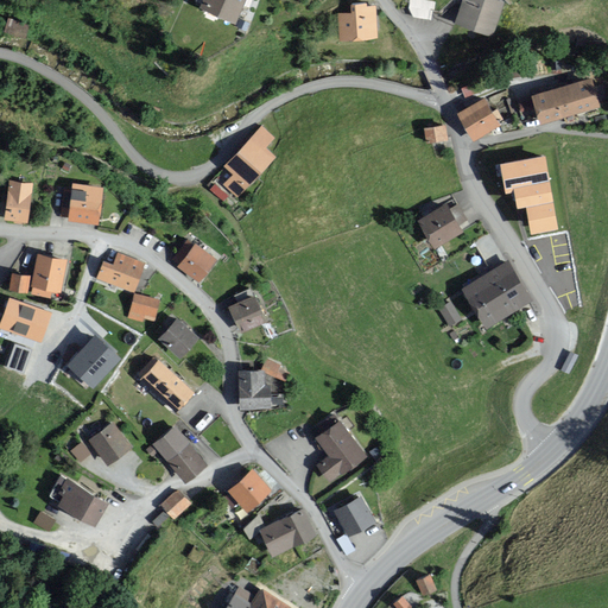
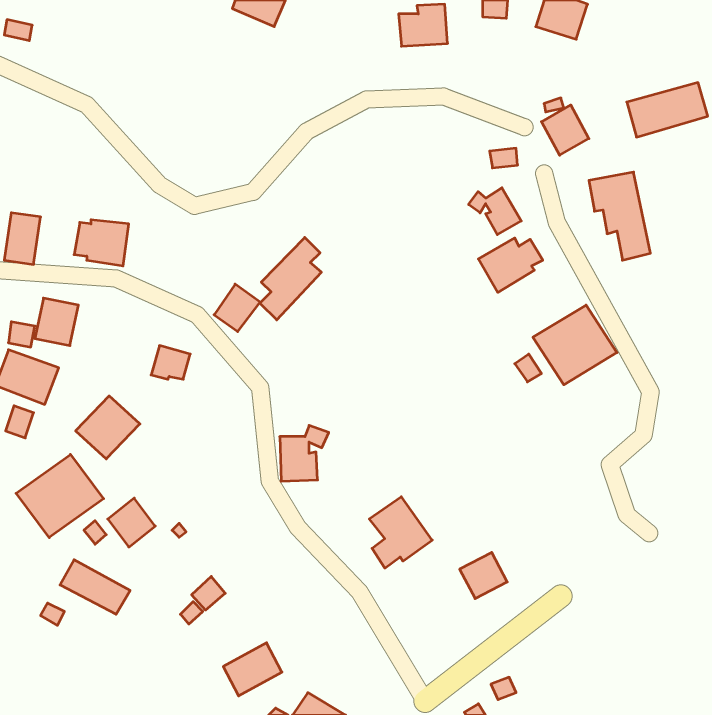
building: [222,127,274,197] -> [260,237,321,320]
building: none -> [469,188,521,235]
building: [97,254,146,292] -> none
building: [226,297,264,332] -> none
building: [160,318,200,357] -> none
building: [142,360,195,412] -> none
building: none -> [16,454,104,538]
building: [156,426,208,481] -> none
building: [229,469,272,512] -> none
building: [336,496,376,536] -> [460,552,507,599]
building: [259,511,309,556] -> [223,643,282,696]

